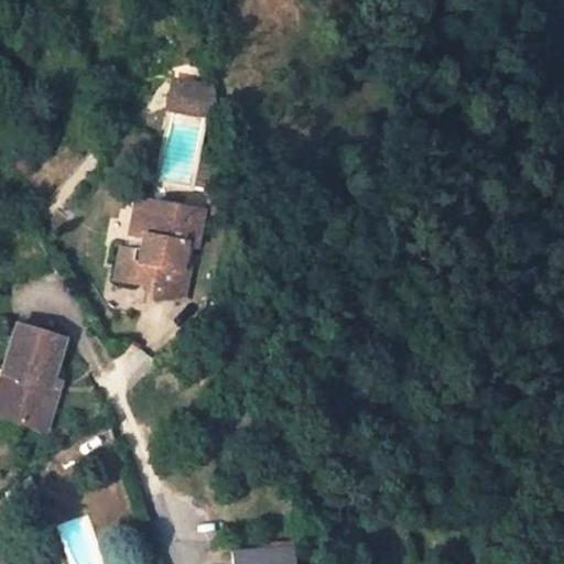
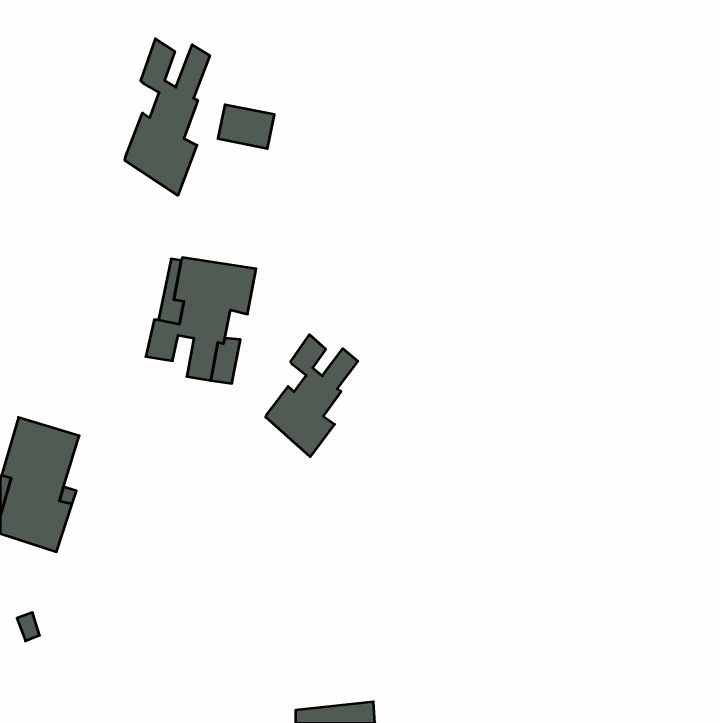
building: none -> [125,39,210,195]
building: none -> [266,335,358,457]

